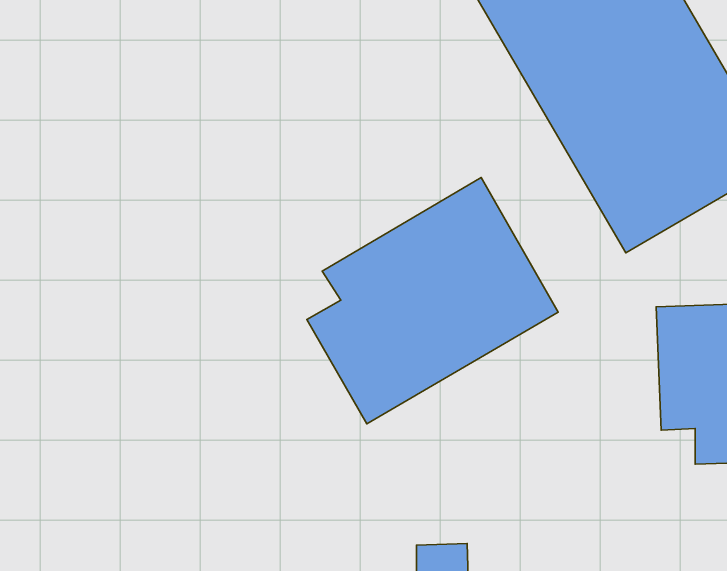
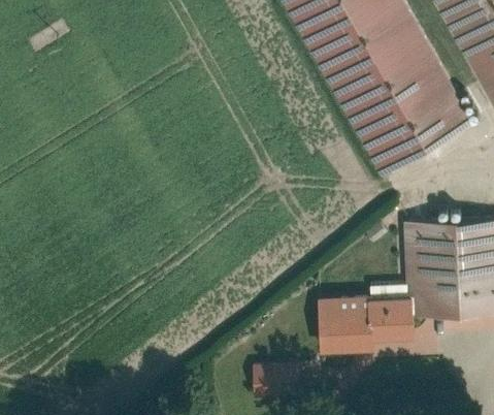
building: [307,177,558,424] -> none
building: none -> [312,292,429,361]

